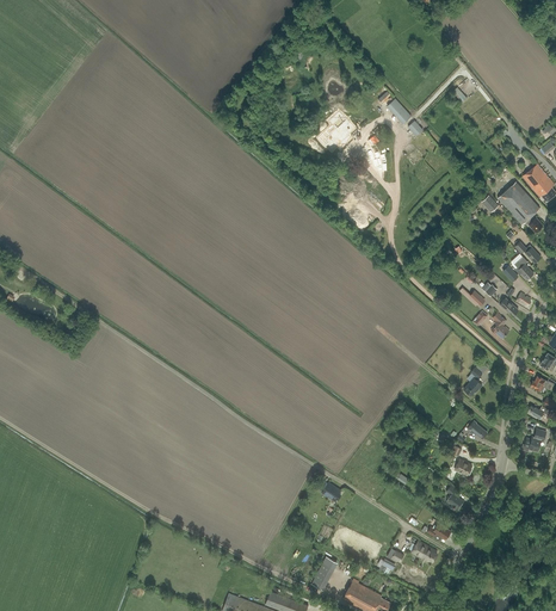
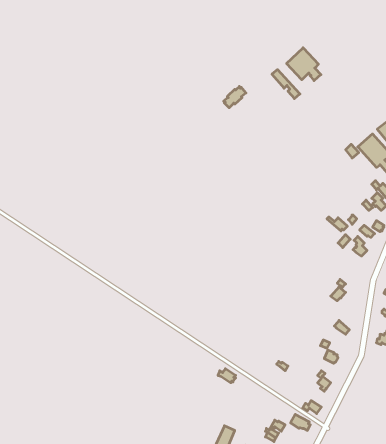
building: none -> [287,48,321,81]

